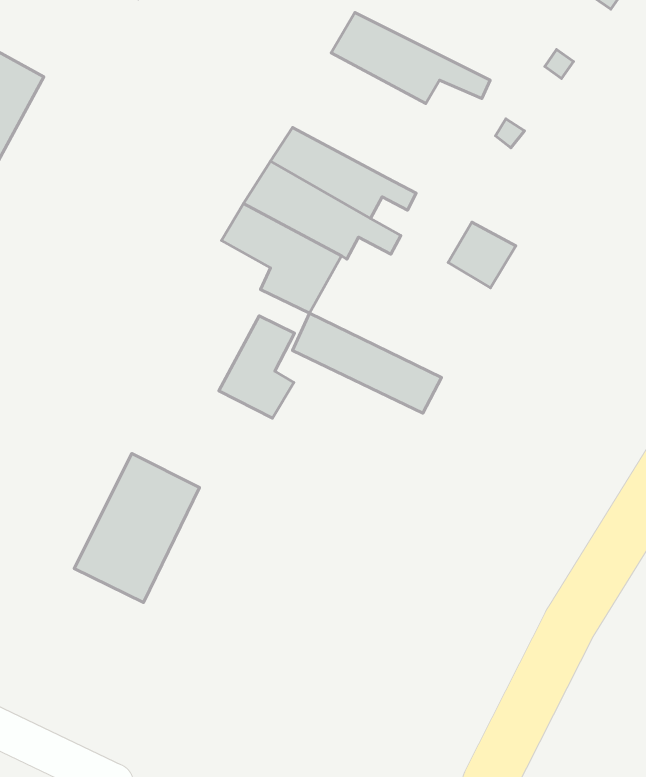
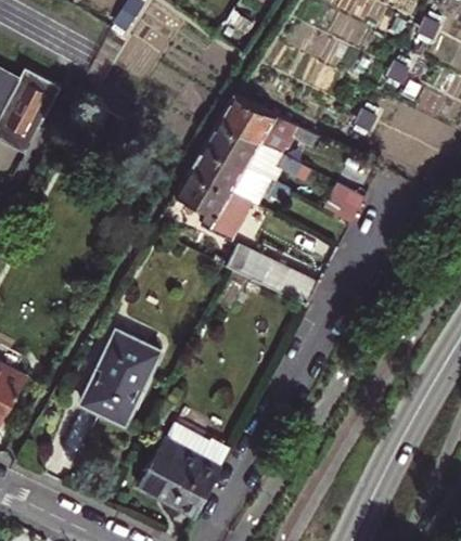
building: [331,12,490,104] -> [221,95,323,154]
building: [219,316,294,418] -> none
building: none -> [138,418,230,517]

